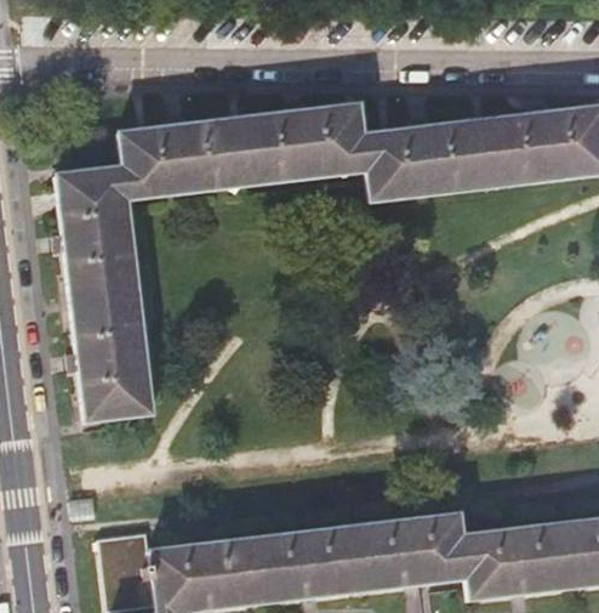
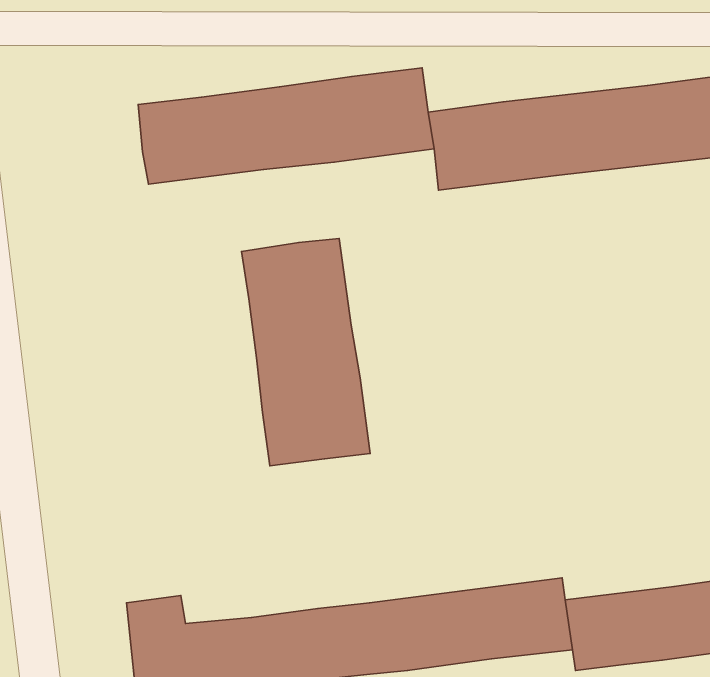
building: [58,169,152,416] -> none
building: none -> [241,238,370,466]

